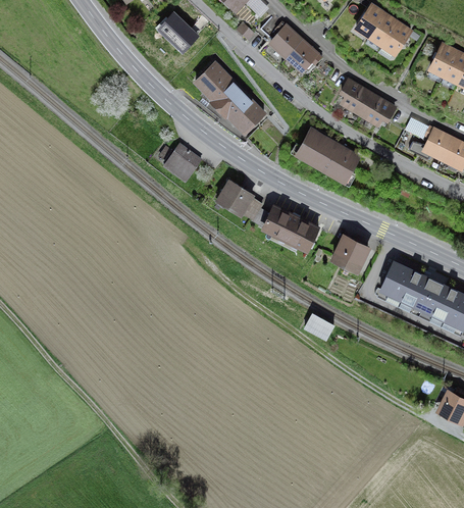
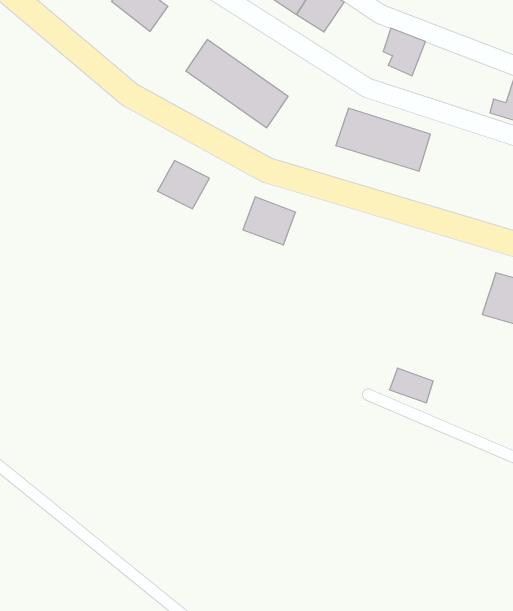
building: [357,92,398,125] -> none
building: [268,208,326,252] -> none
building: [331,236,370,270] -> none

